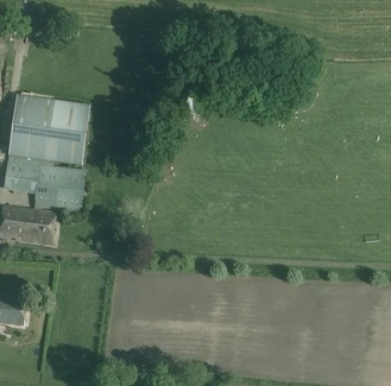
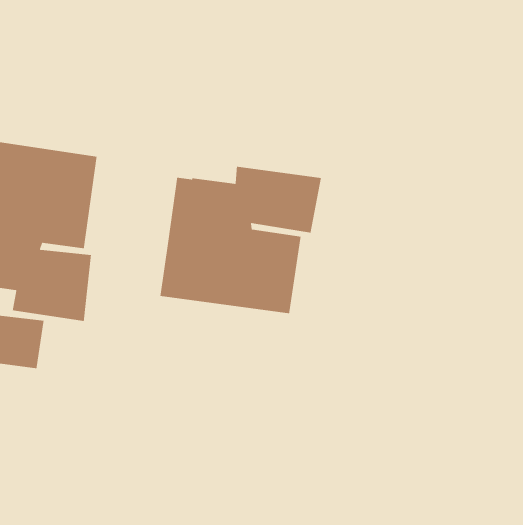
building: none -> [160,166,322,314]

